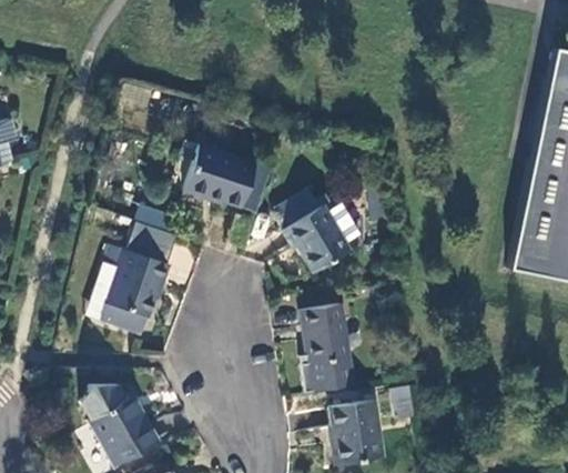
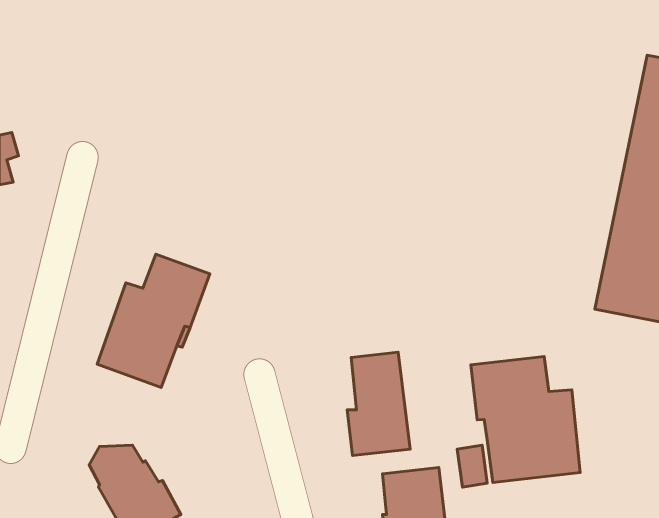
building: [181,144,268,210] -> none
building: [273,189,358,271] -> none
building: none -> [471,356,580,483]

